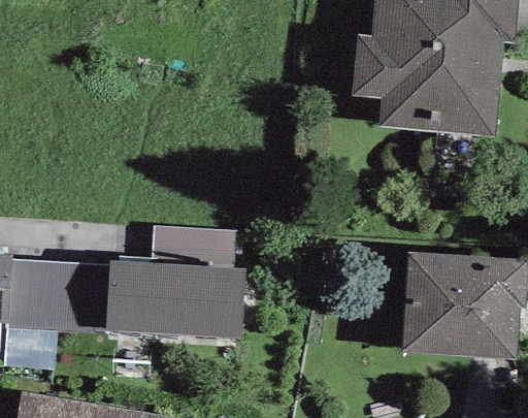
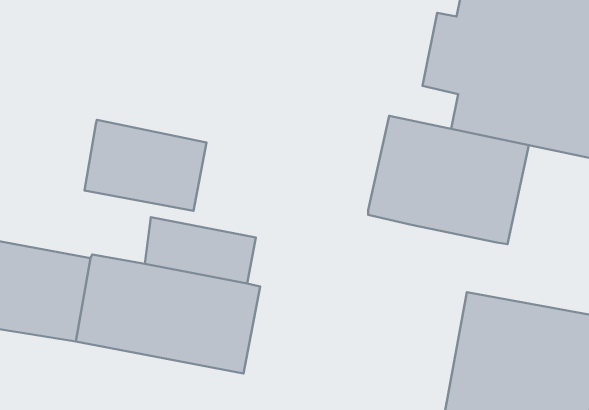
building: none -> [368,116,529,244]
building: none -> [84,120,206,211]

